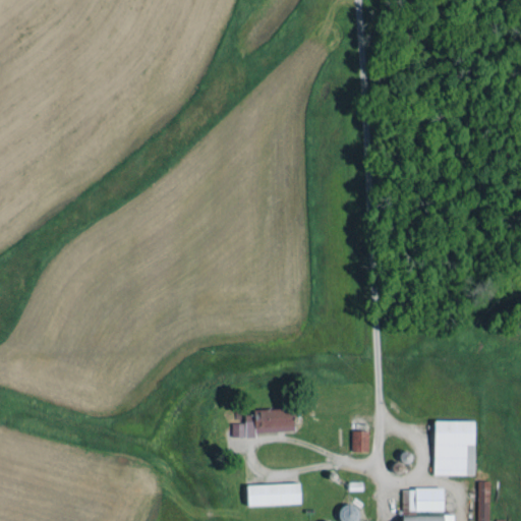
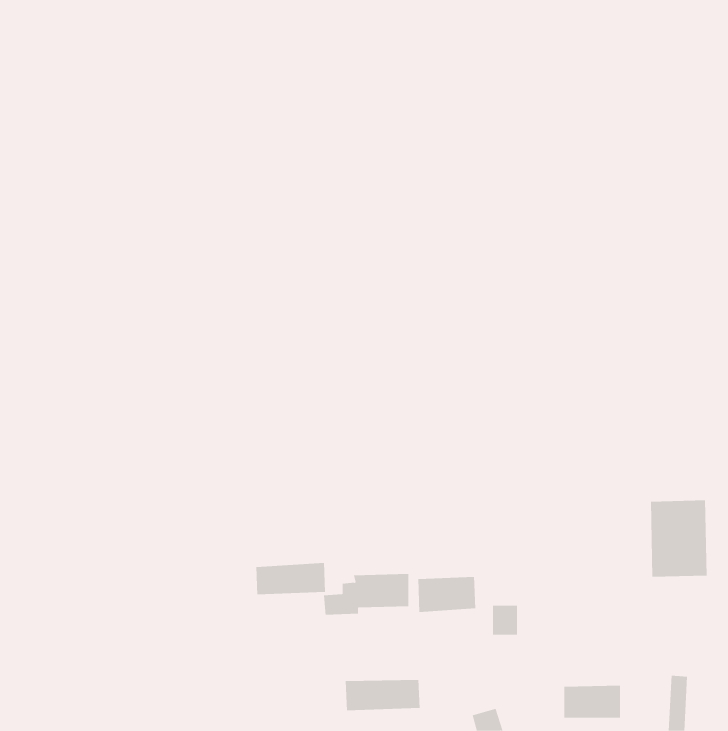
building: none -> [256,562,326,595]
building: none -> [418,576,476,613]
building: [435,420,475,475] -> [650,500,707,577]

